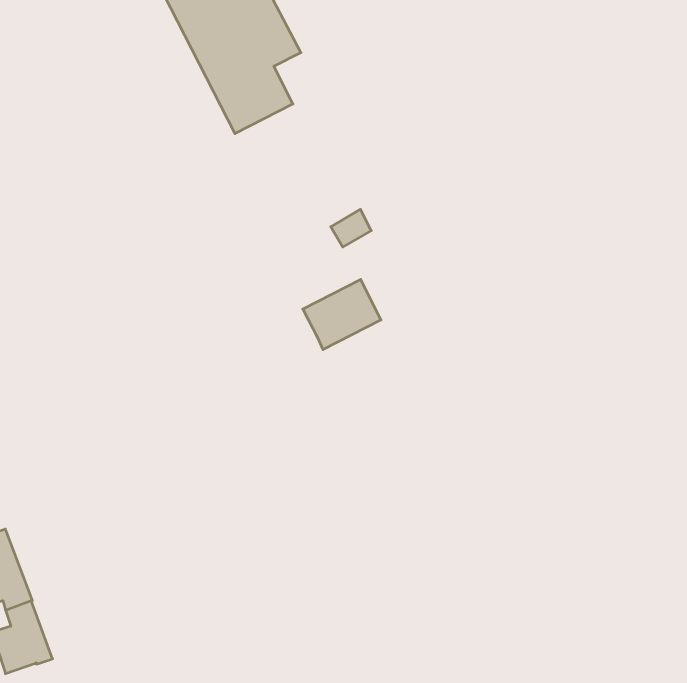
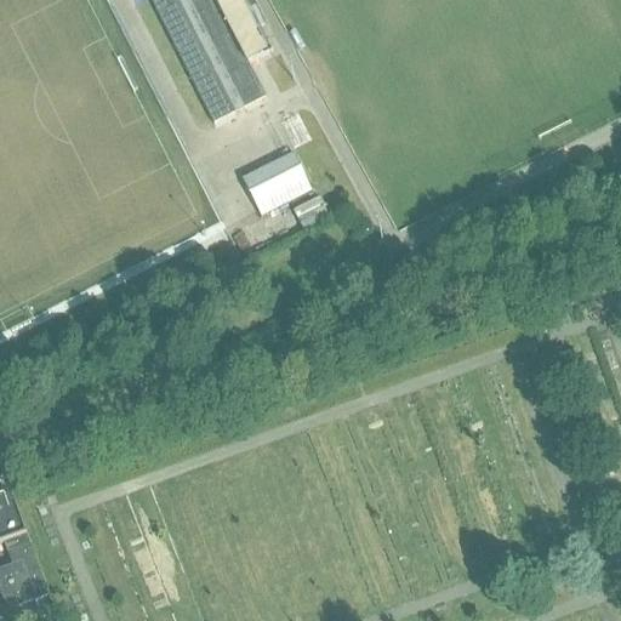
building: [303,279,381,350] -> [240,150,310,213]

